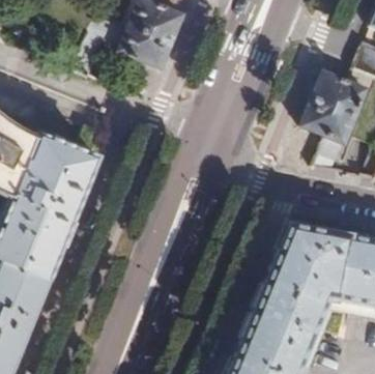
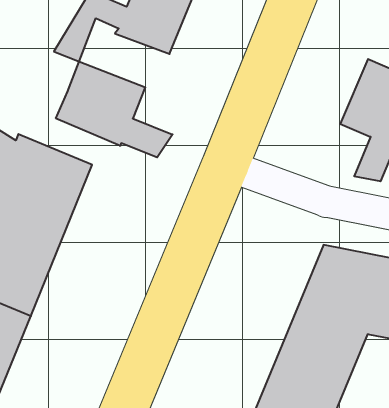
building: none -> [56,62,173,157]

